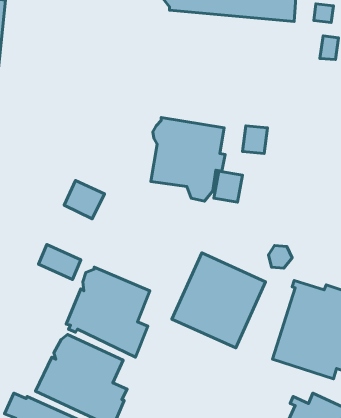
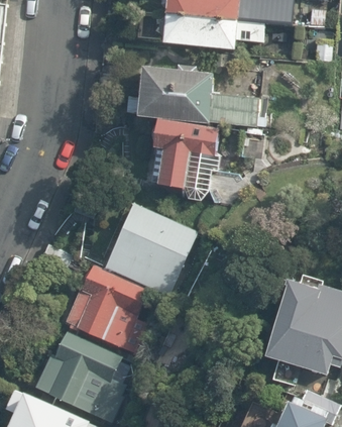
building: none -> [162,16,266,52]
building: none -> [127,65,266,127]
building: [172,253,266,348] -> [106,203,198,296]

